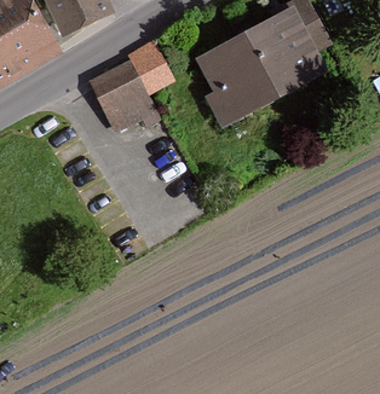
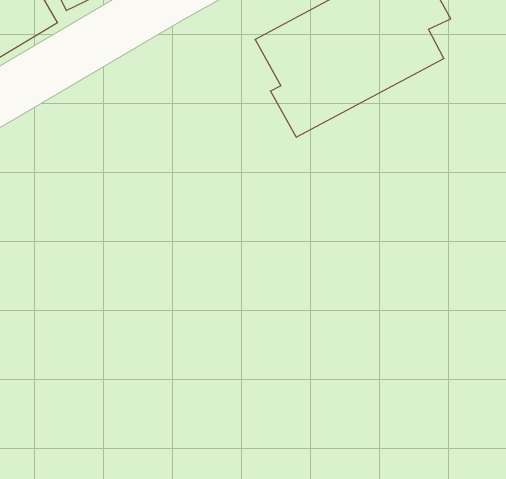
building: [94,45,173,132] -> none

